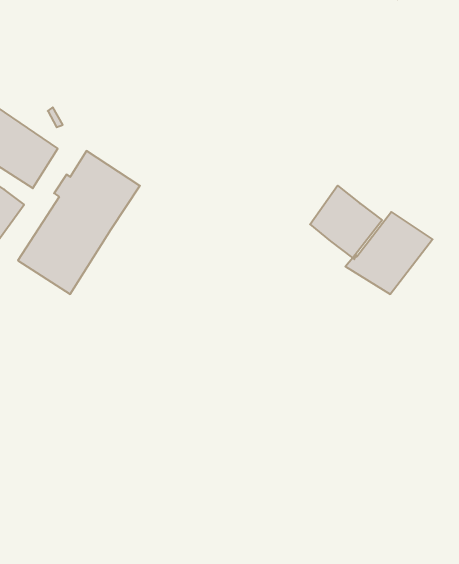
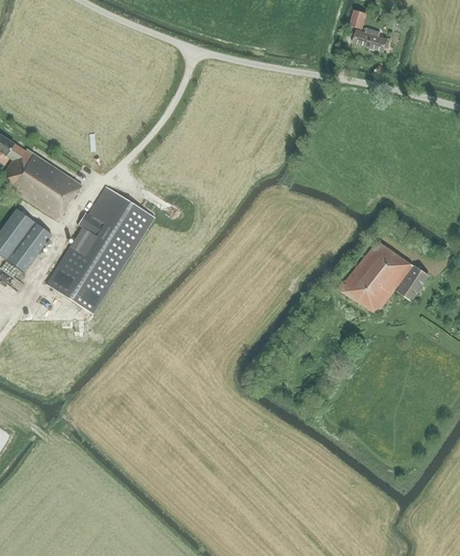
building: [310,186,382,258] -> none
building: none -> [397,265,428,300]

